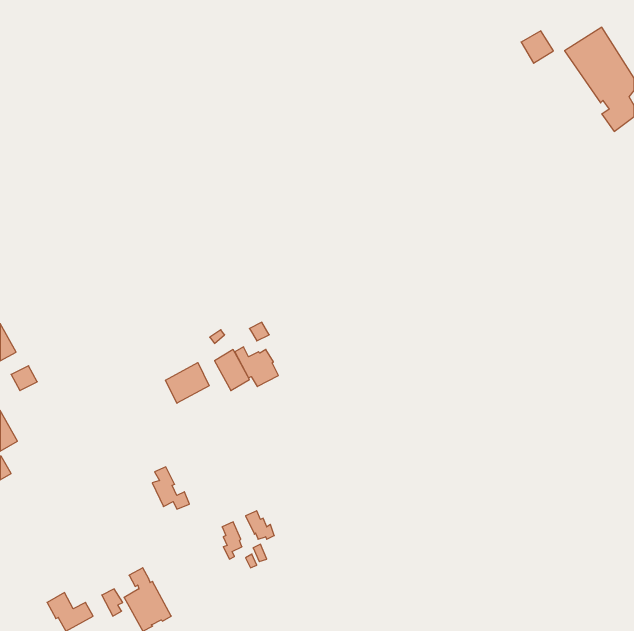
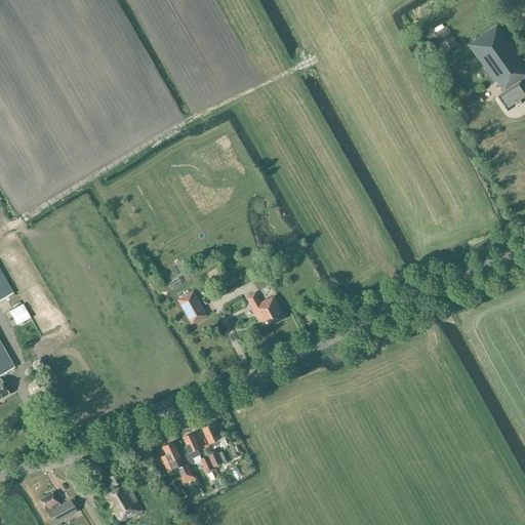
building: [235,347,278,387] -> [248,293,284,326]
building: [166,363,209,403] -> none
building: [152,467,189,509] -> [161,441,192,476]

